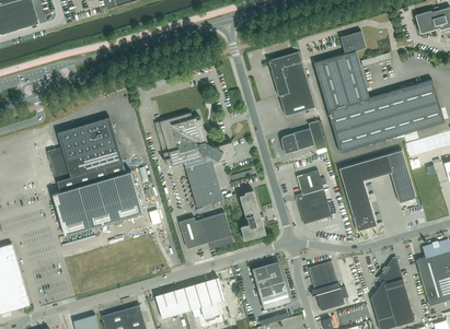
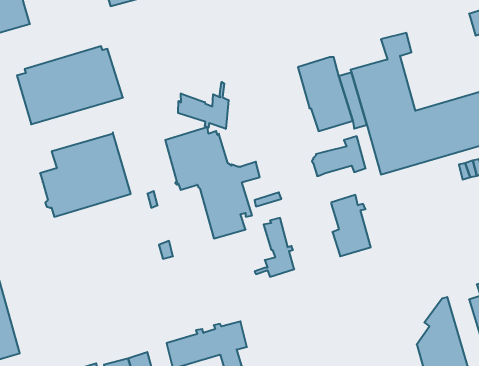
building: none -> [178,82,229,129]
building: [338,150,416,231] -> none
building: [53,168,143,235] -> [17,46,123,124]
building: [178,212,233,248] -> none
building: [252,260,291,309] -> none
building: [308,260,348,309] -> none

